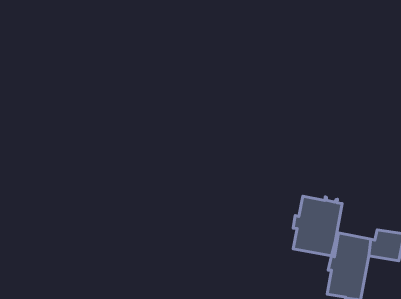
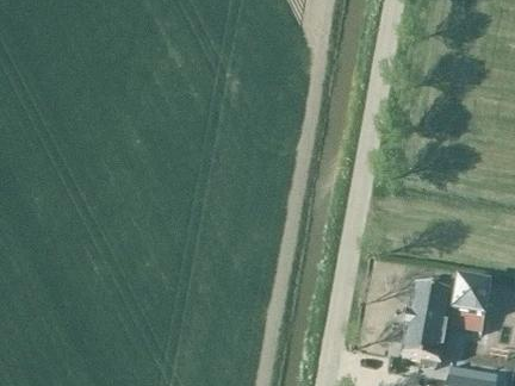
building: [293,196,342,256] -> none

